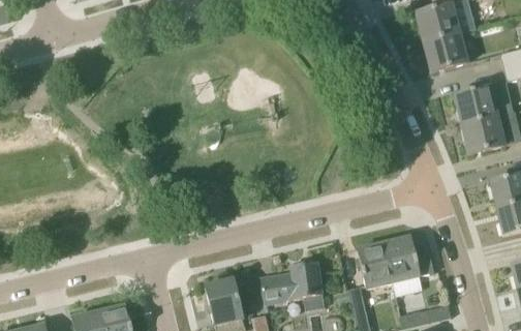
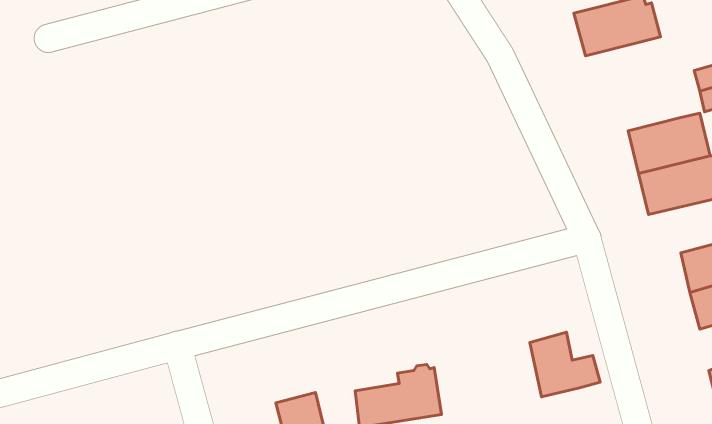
building: [423,32,467,70] -> none
building: [357,243,392,288] -> none

